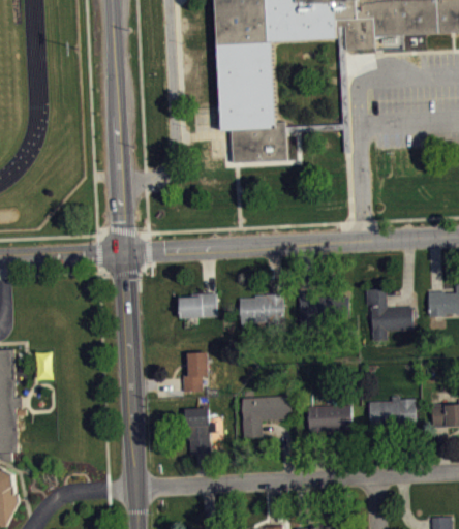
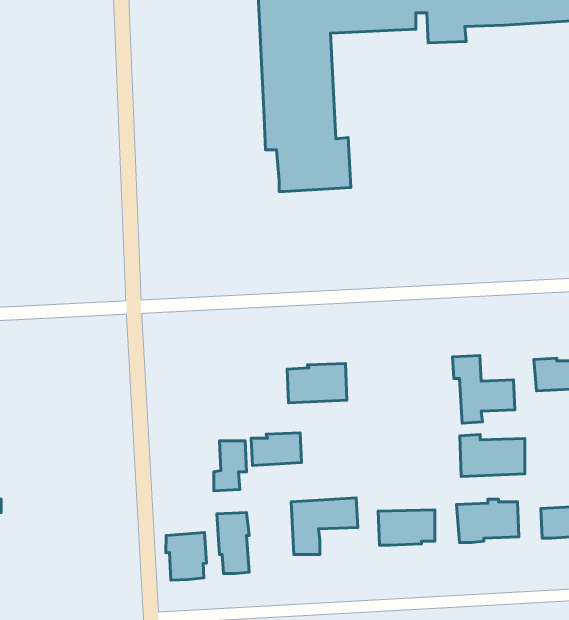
building: [298,291,347,323] -> [460,435,525,477]
building: [178,292,216,317] -> [251,433,301,465]
building: none -> [166,532,207,580]

